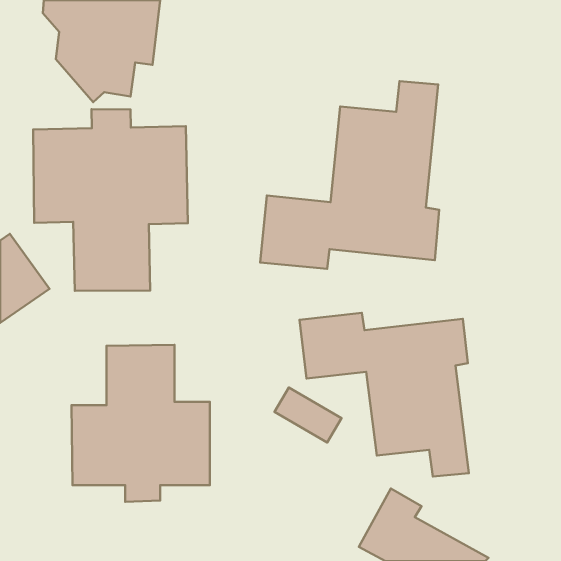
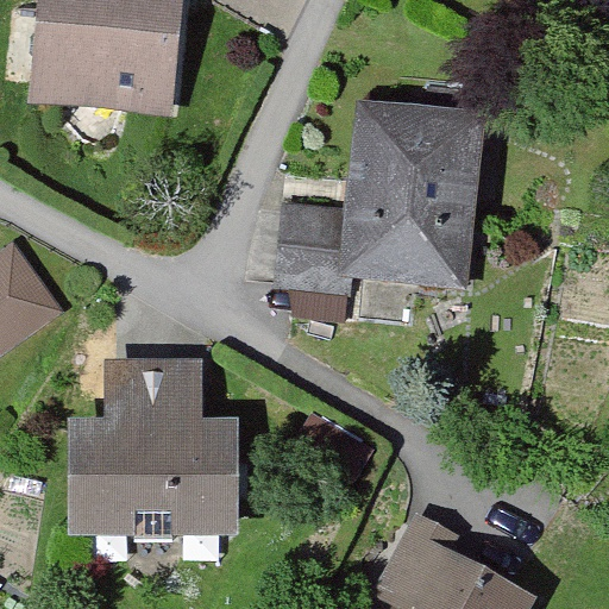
building: [33,109,188,291] -> none
building: [299,313,469,477] -> none

